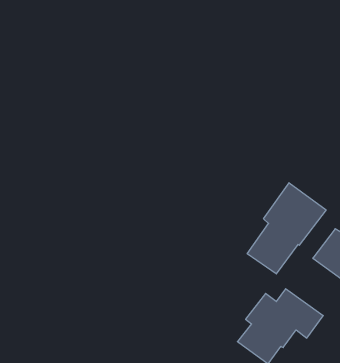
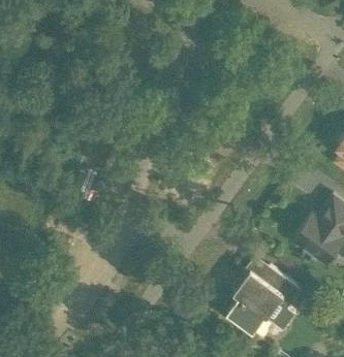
building: [247,183,326,274] -> none

